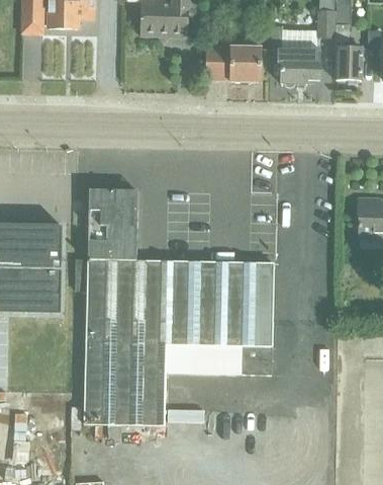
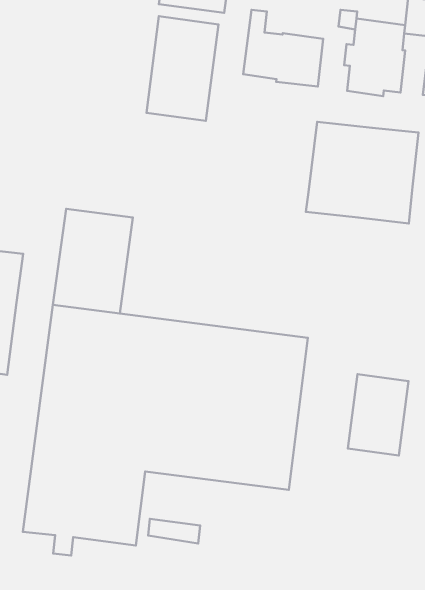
building: none -> [146,16,218,121]
building: none -> [306,122,419,224]
building: none -> [348,374,409,456]

